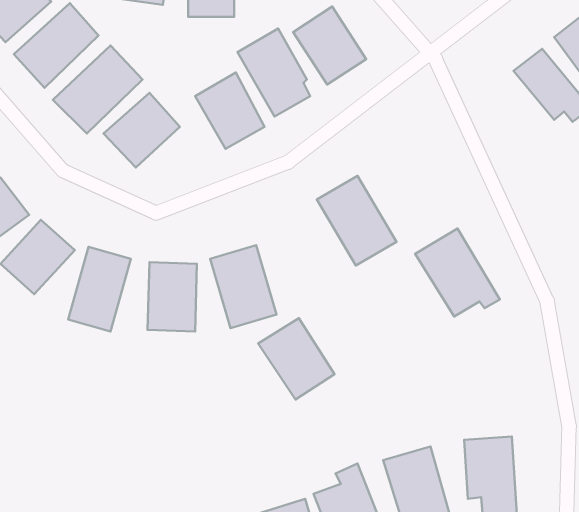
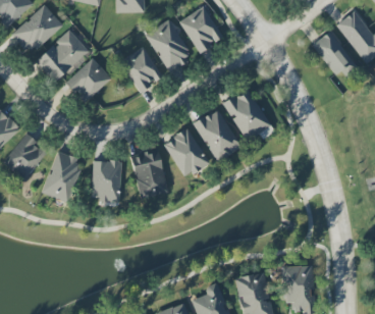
building: [415,229,500,317] -> [223,89,274,142]
building: [258,318,335,399] -> [163,128,209,177]

